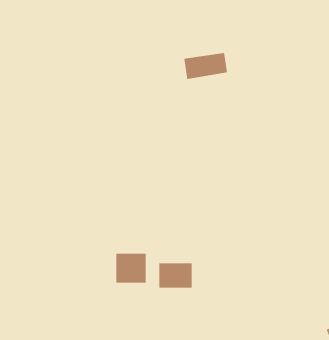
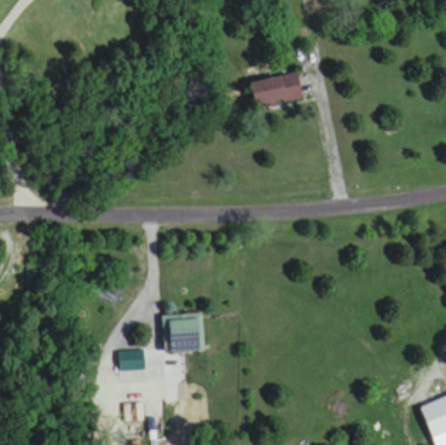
building: [159,262,192,288] -> none

